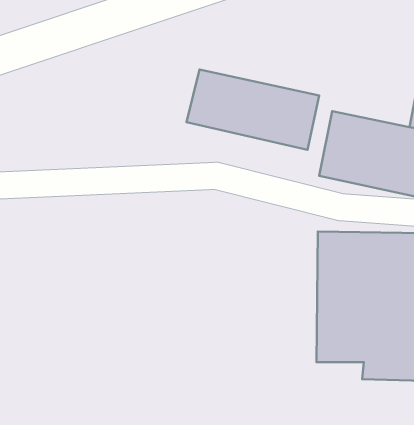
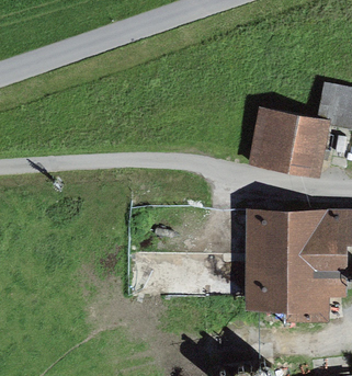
building: [187,69,319,150] -> none

